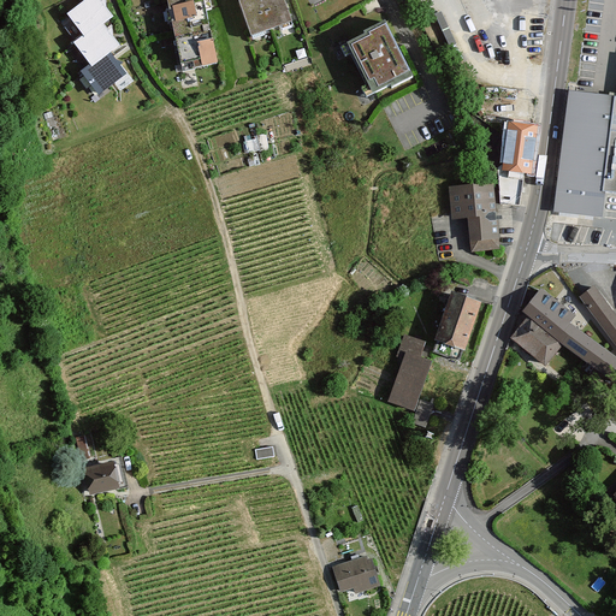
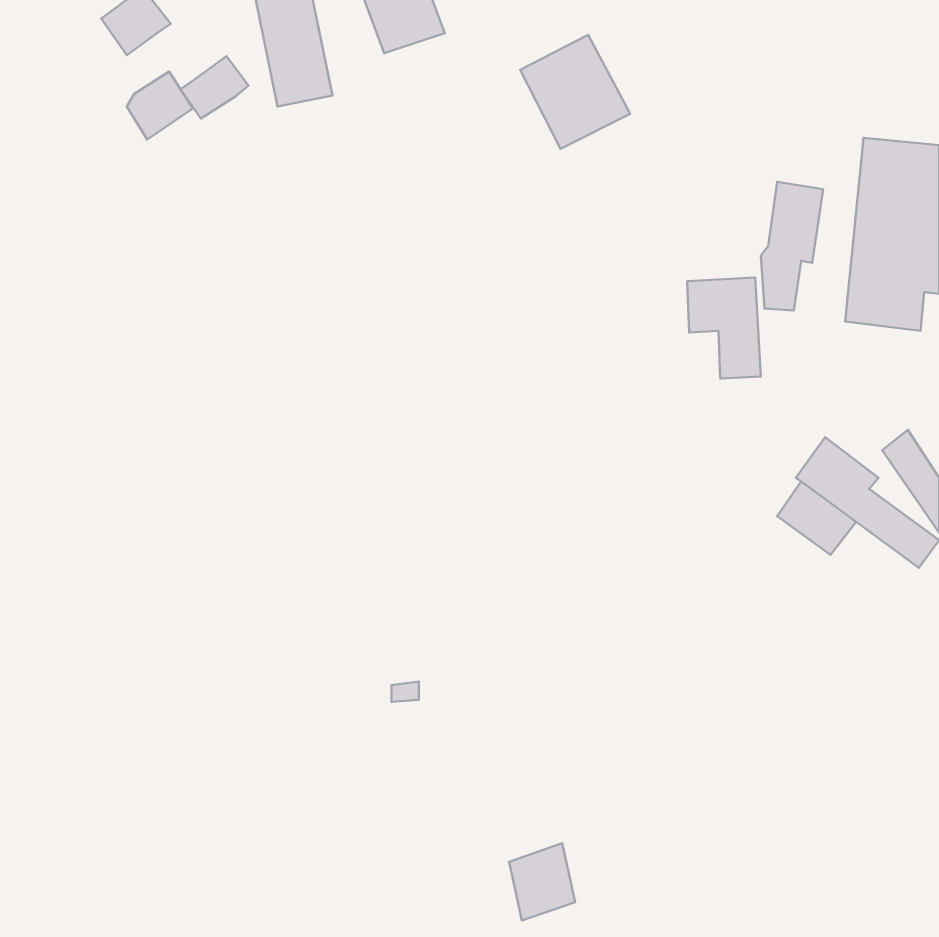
building: [75,20,119,61] -> [180,56,248,119]
building: [430,289,481,351] -> none
building: [387,333,431,409] -> none
building: [83,457,116,492] -> none

